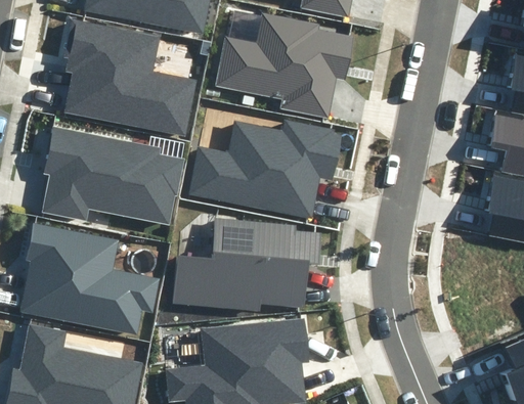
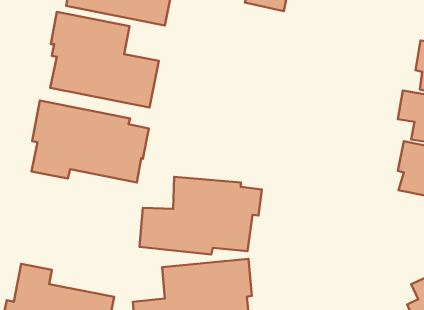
building: [215,12,354,118] -> none
building: [190,120,342,219] -> none
building: [19,224,160,335] -> none

